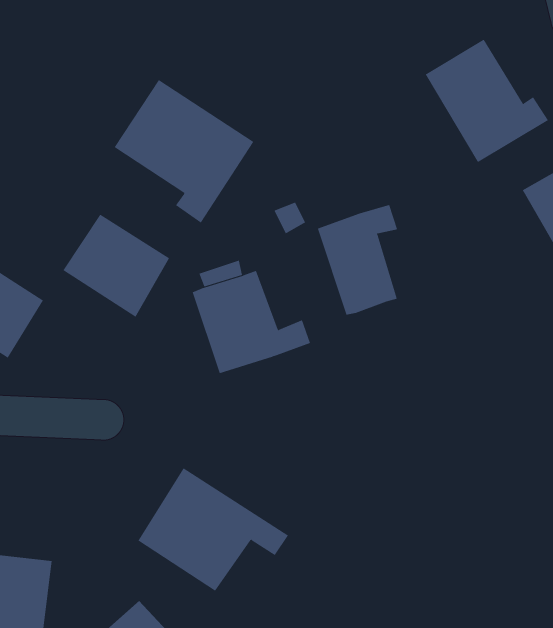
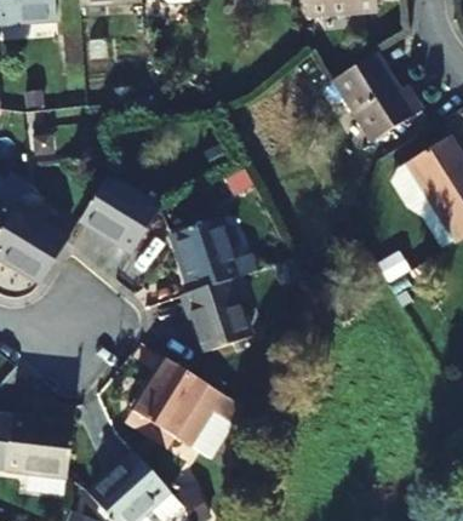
building: [114,79,254,223] -> none
building: [317,204,398,316] -> none
building: none -> [181,281,248,354]

